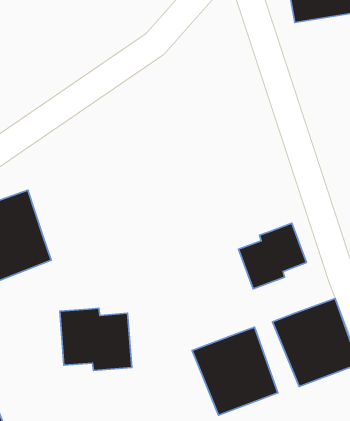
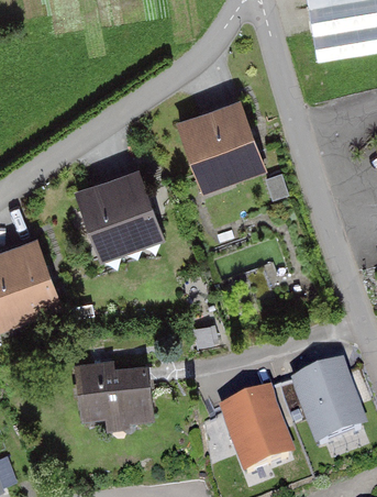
building: none -> [177,100,265,192]
building: none -> [76,175,158,262]
building: [239,223,306,289] -> none

